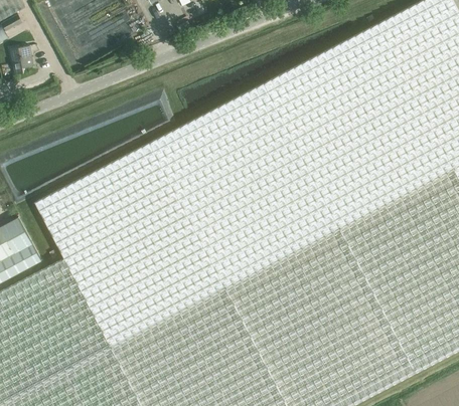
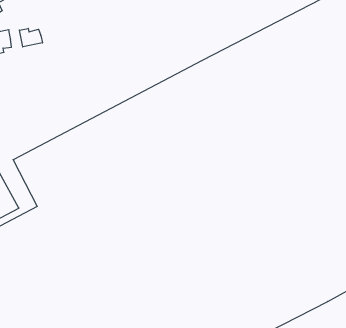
building: none -> [19,28,42,47]

